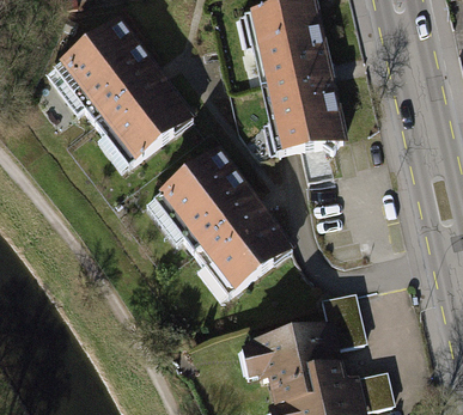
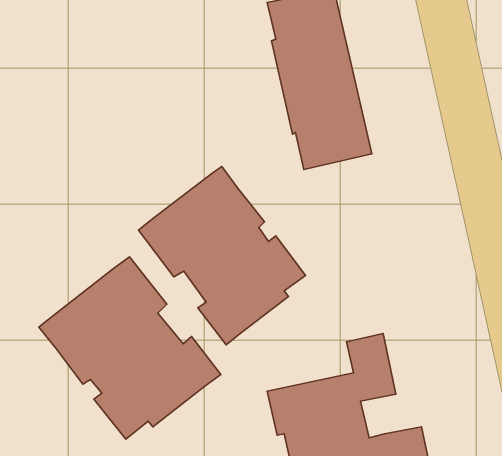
building: [47,20,188,171] -> none
building: none -> [39,257,221,439]

